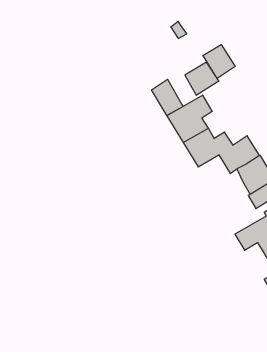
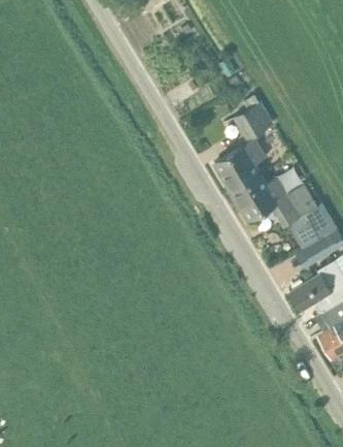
building: [203,45,235,79] -> none
building: [152,79,183,116] -> none

